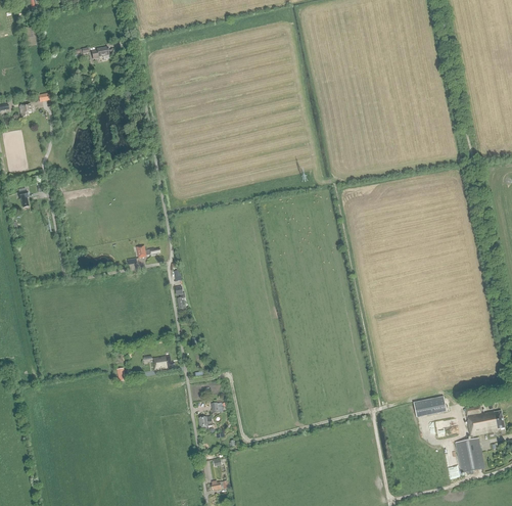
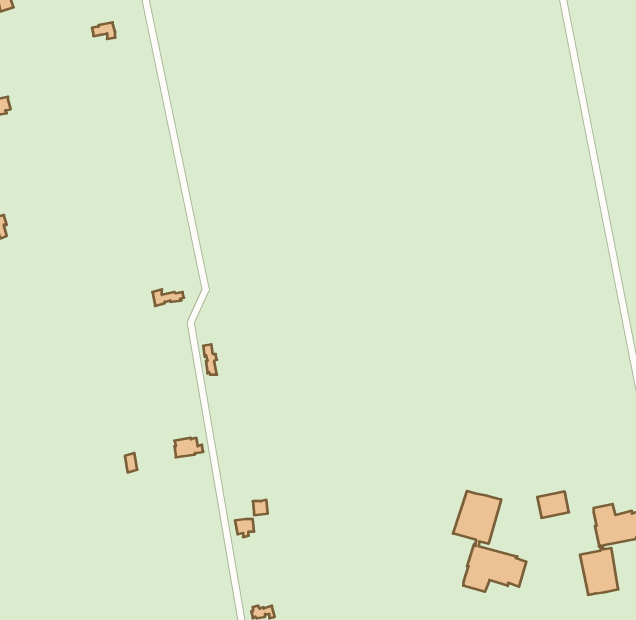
building: none -> [453,491,526,592]

